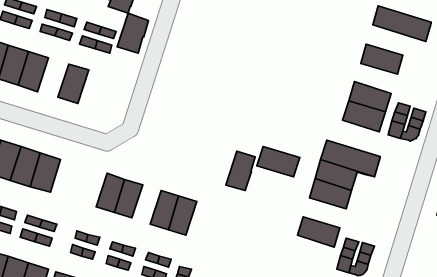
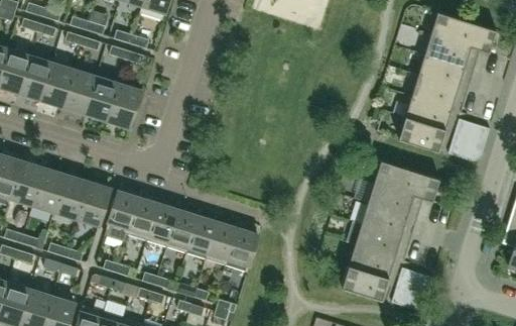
building: [117,13,148,53] -> [107,83,141,127]
building: none -> [424,33,490,67]
building: none -> [62,70,97,113]
building: none -> [411,76,459,109]
building: [257,147,300,177] -> [355,224,402,257]
building: [226,151,255,191] -> [226,228,258,271]
building: none -> [77,182,111,225]
building: none -> [107,191,139,234]
building: none -> [166,210,199,253]
building: none -> [342,265,389,300]

